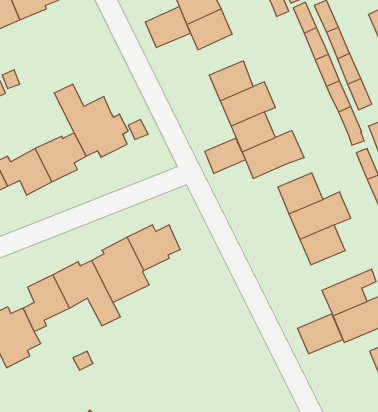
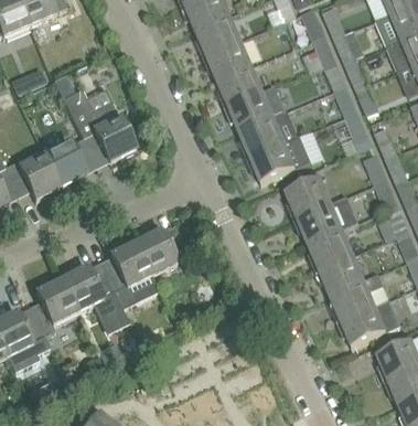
building: [145,7,191,48] -> [205,39,250,79]
building: [205,138,246,174] -> none
building: [297,314,343,354] -> [318,254,363,294]

